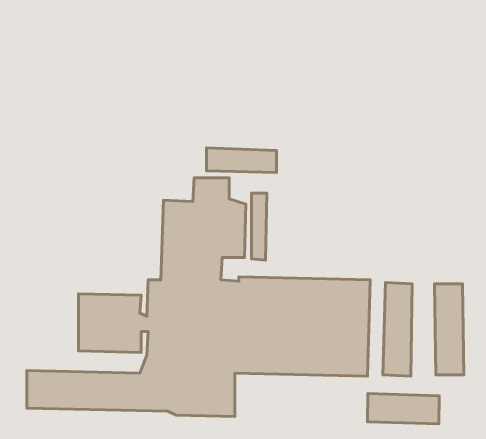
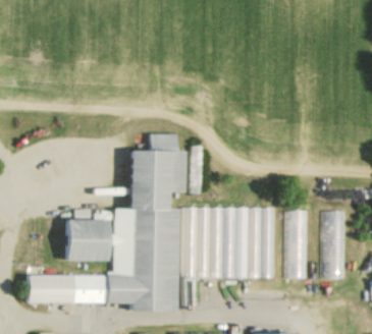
building: [206,148,276,172] -> none
building: [367,394,439,424] -> none

